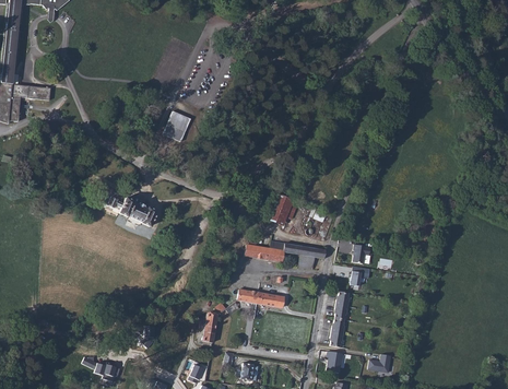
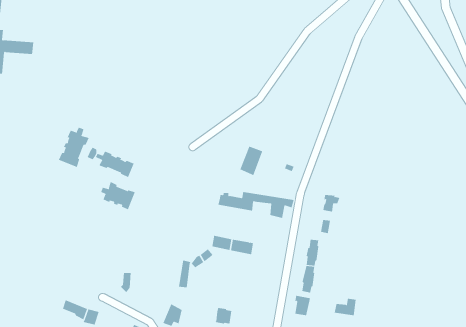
building: [162,113,189,142] -> none
building: none -> [58,127,90,168]
building: none -> [101,181,136,210]

